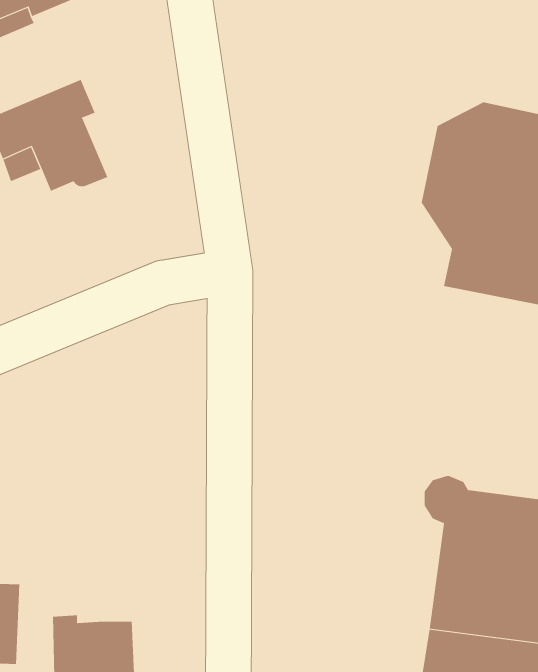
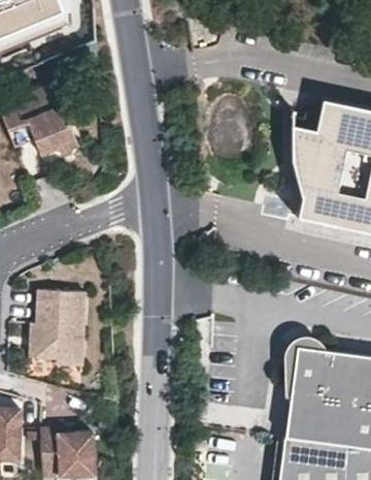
building: none -> [31,290,87,365]

